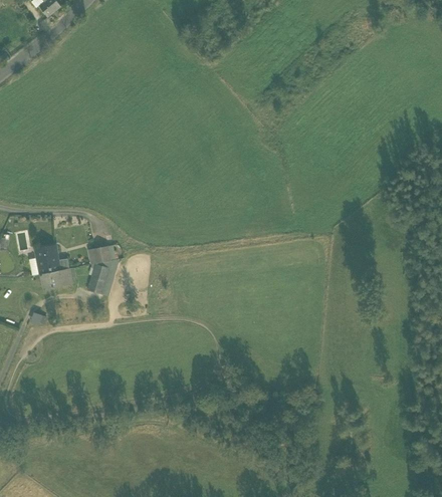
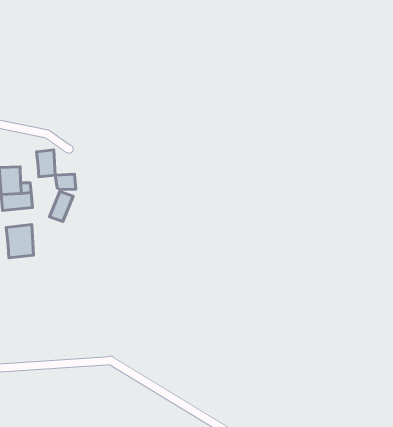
building: none -> [36,150,55,177]
building: none -> [6,225,33,258]

